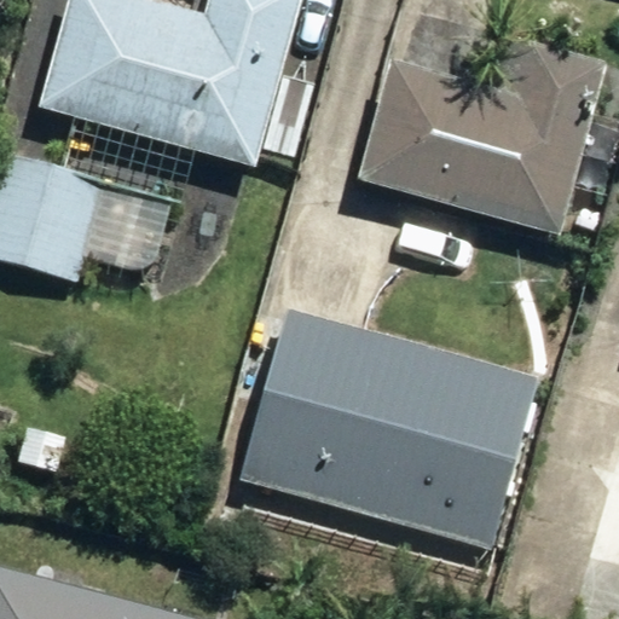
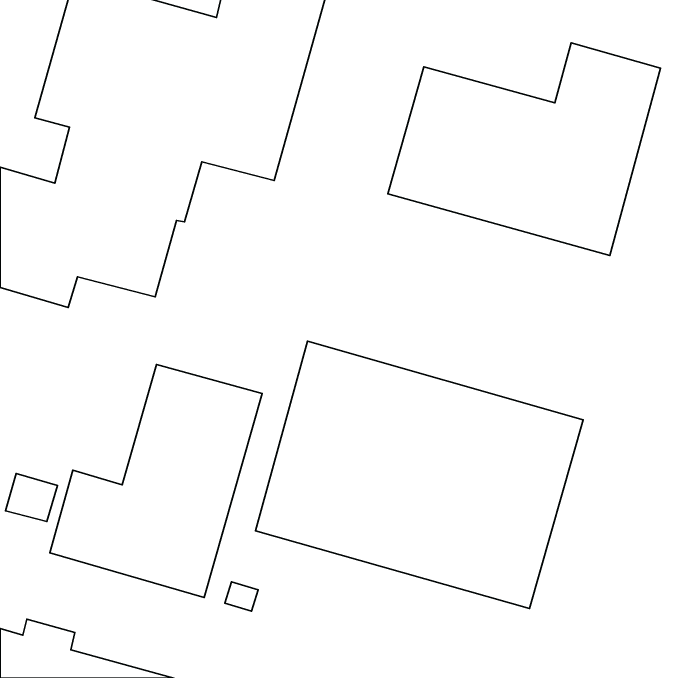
building: none -> [50,364,262,597]

